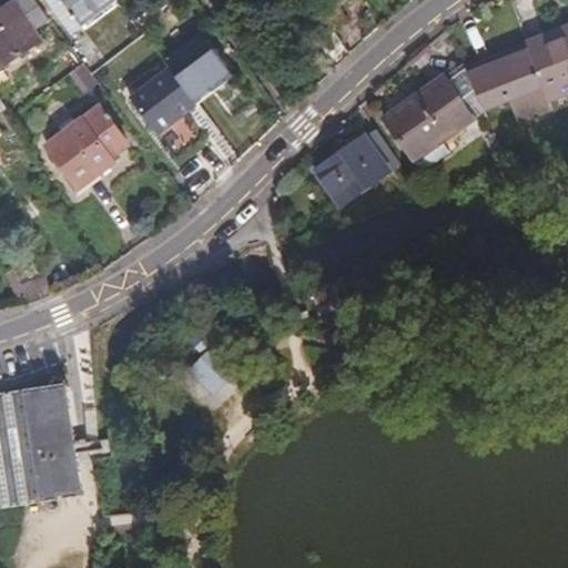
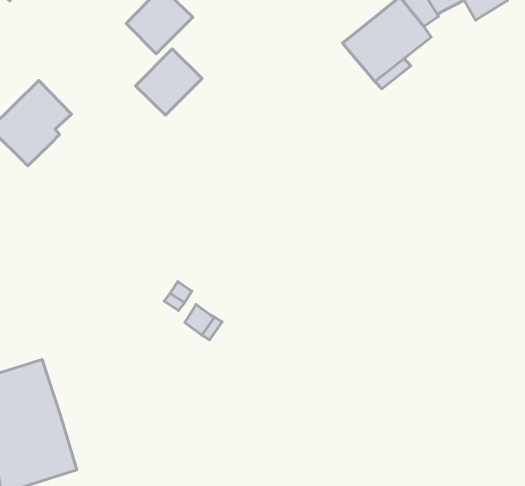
building: [135,68,200,130] -> [136,49,202,115]
building: [307,133,388,204] -> none

